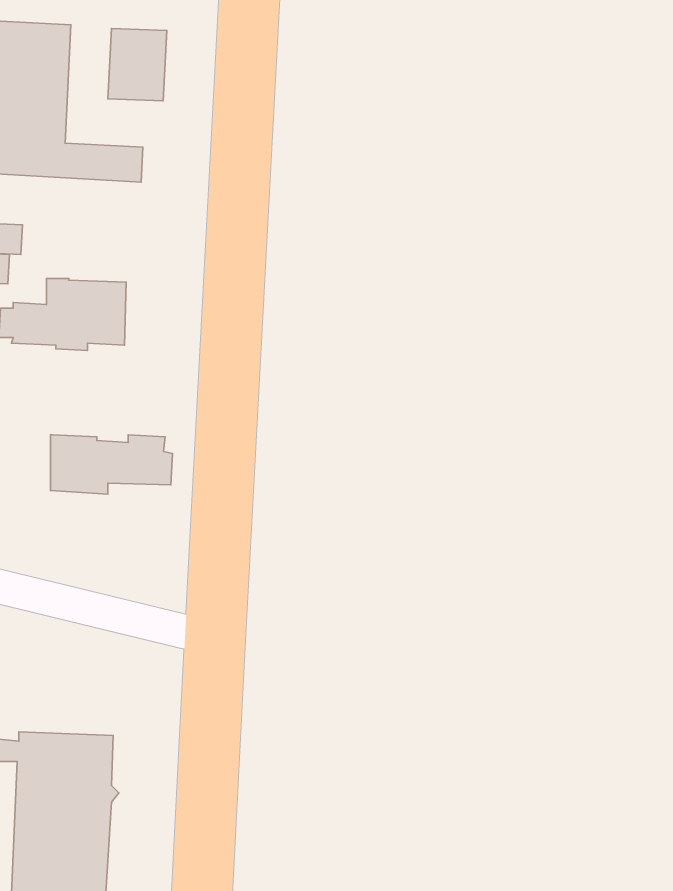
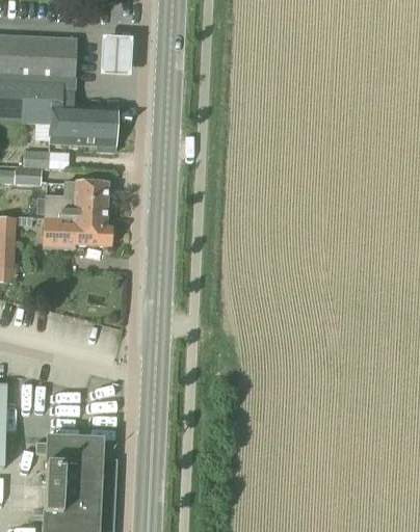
building: none -> [50,122,116,151]
building: [50,435,173,494] -> [43,216,111,249]

